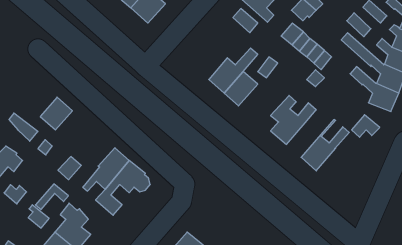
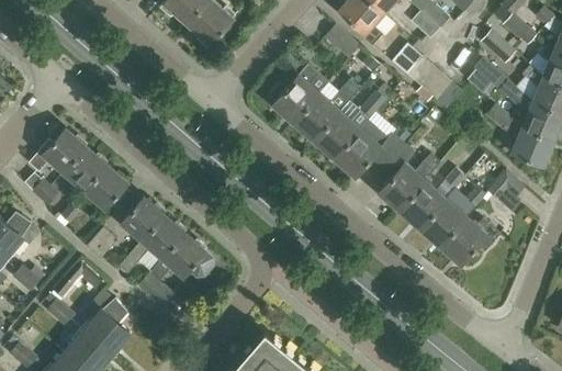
building: none -> [272,64,327,122]
building: none -> [27,128,86,173]
building: none -> [334,128,403,177]
building: none -> [83,165,127,209]
building: none -> [400,170,464,228]
building: none -> [121,196,165,240]
building: none -> [440,216,499,265]

